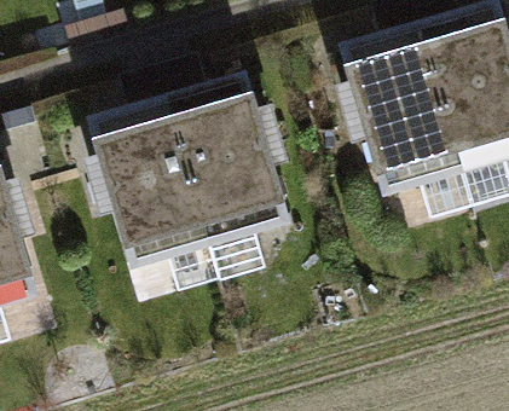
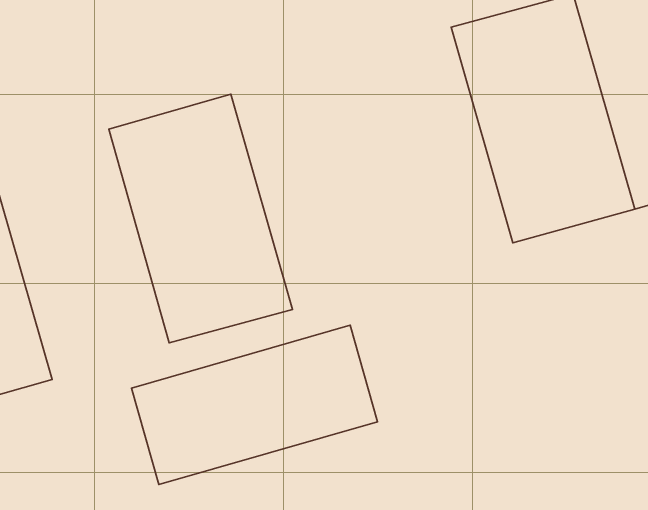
building: [178,87,296,265] -> none
building: none -> [131,325,378,484]

